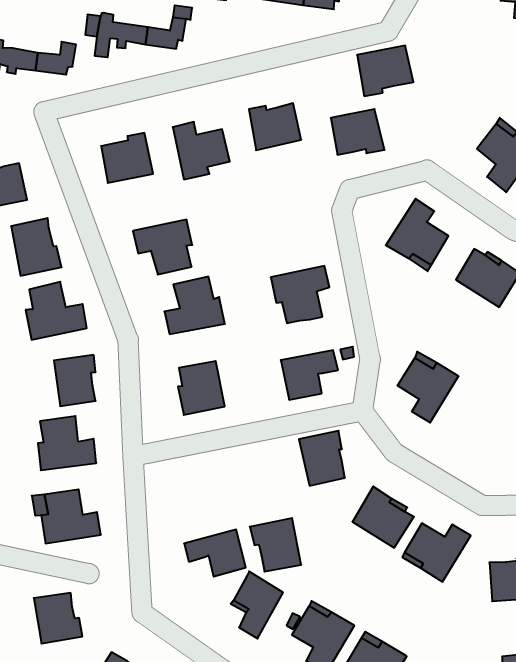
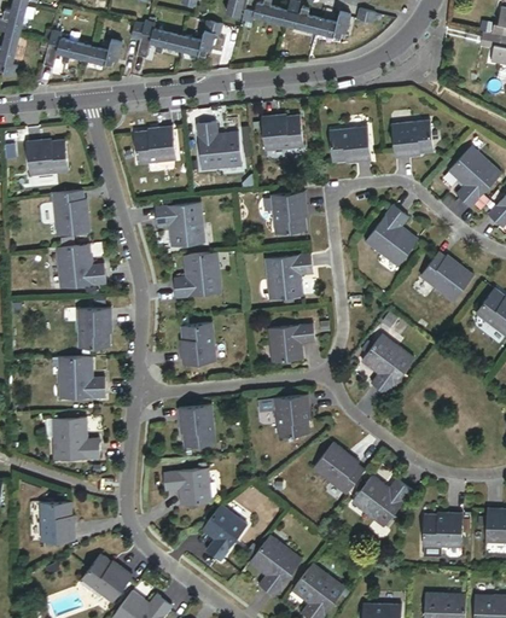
building: [357,46,413,96] -> [389,118,434,157]
building: none -> [269,190,307,233]
building: [250,518,301,572] -> [179,402,219,444]

